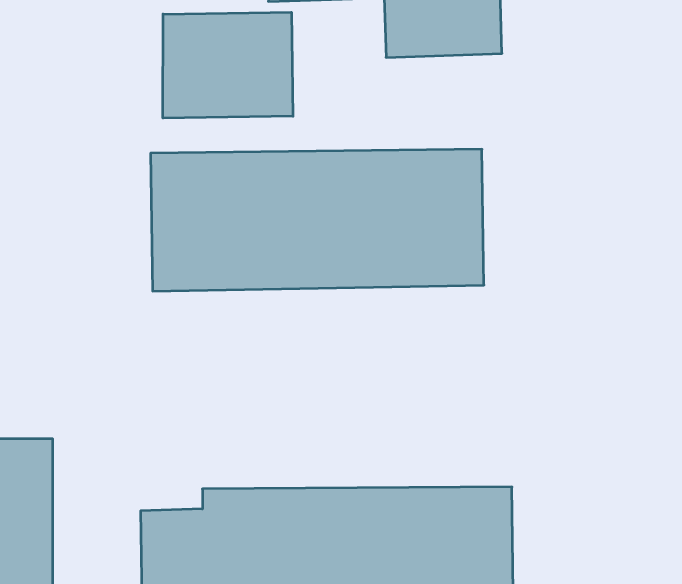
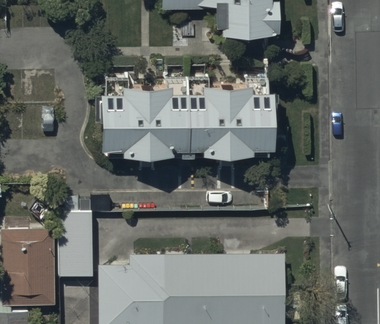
building: [163,12,293,118] -> none
building: none -> [57,208,91,272]

